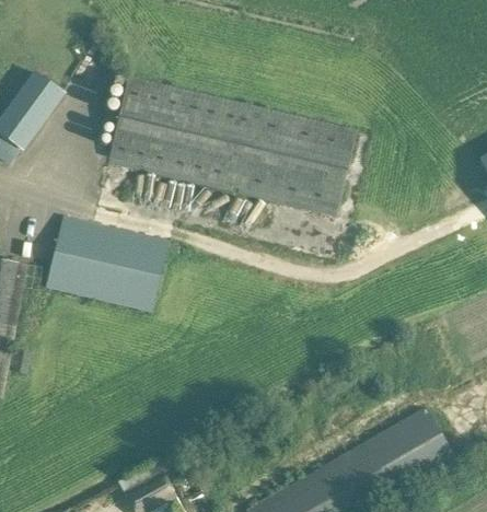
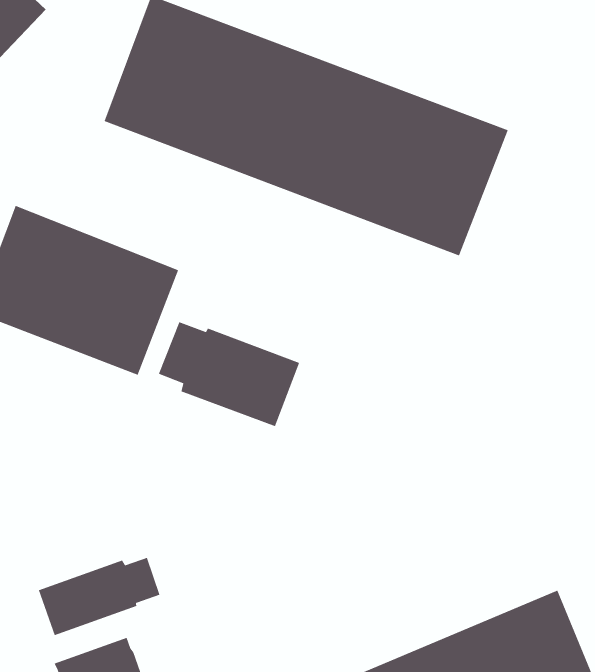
building: none -> [158,321,300,427]
building: none -> [38,557,161,636]

